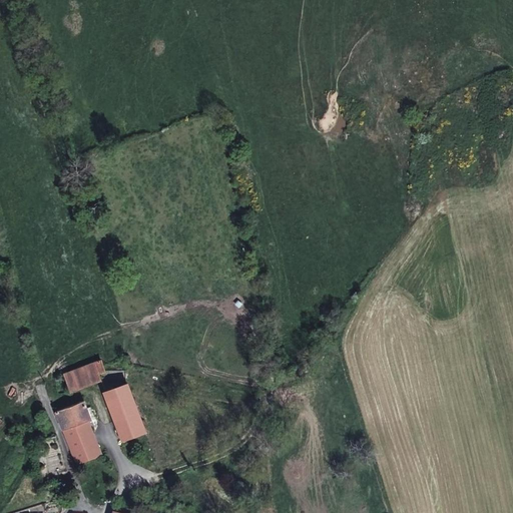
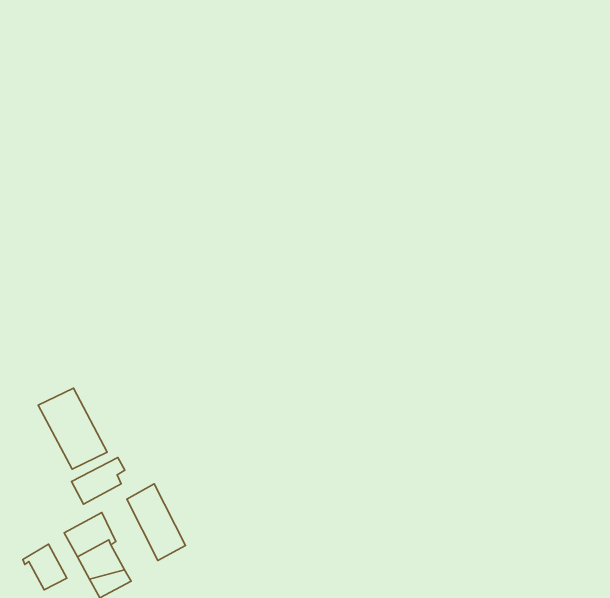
building: none -> [38,388,107,469]
building: none -> [23,544,67,590]

